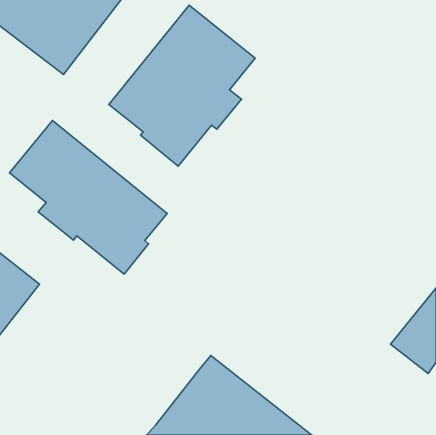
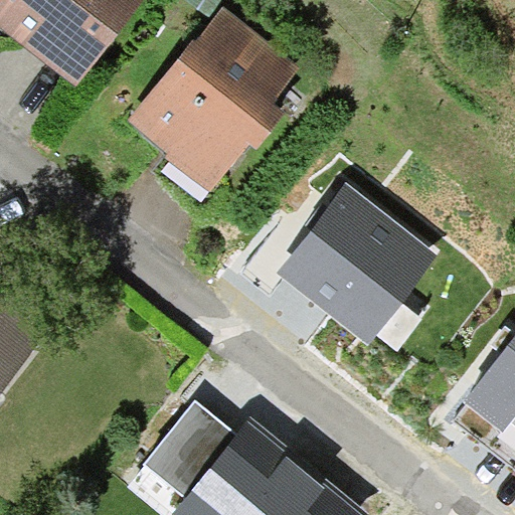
building: [9,120,167,274] -> none
building: none -> [277,185,439,346]
building: none -> [142,402,234,499]

